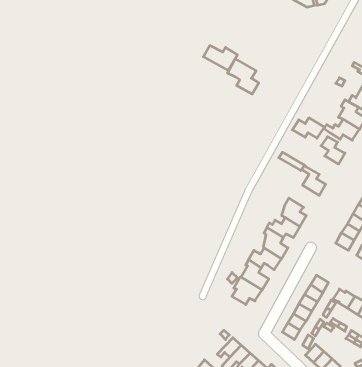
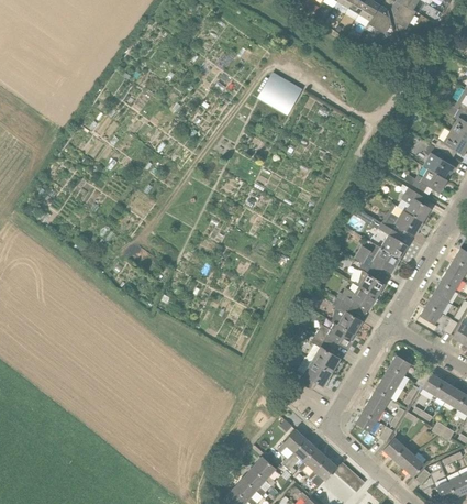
building: [228,59,259,94] -> none
building: [292,118,325,138] -> [385,211,423,235]
building: none -> [355,245,400,275]

